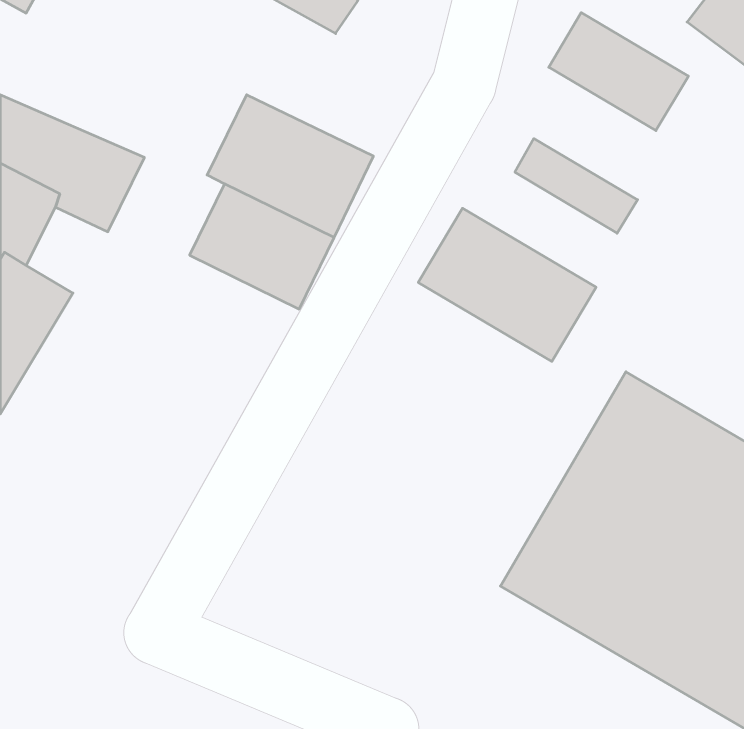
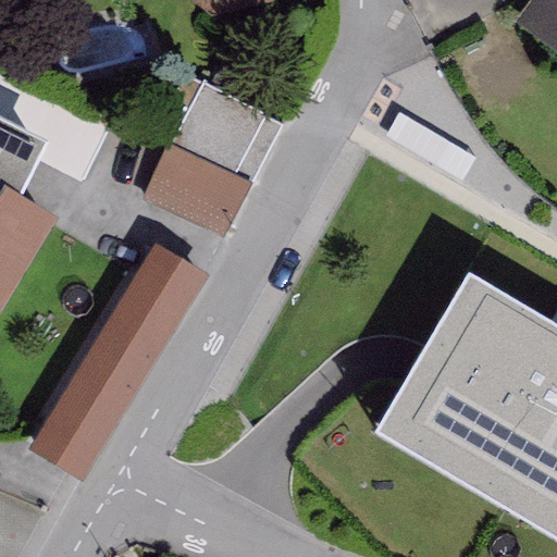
building: [549,13,688,131] -> none
building: [418,208,596,361] -> none
building: none -> [27,236,208,478]

